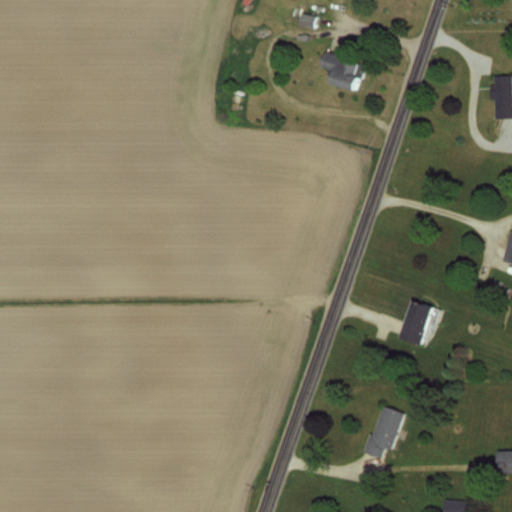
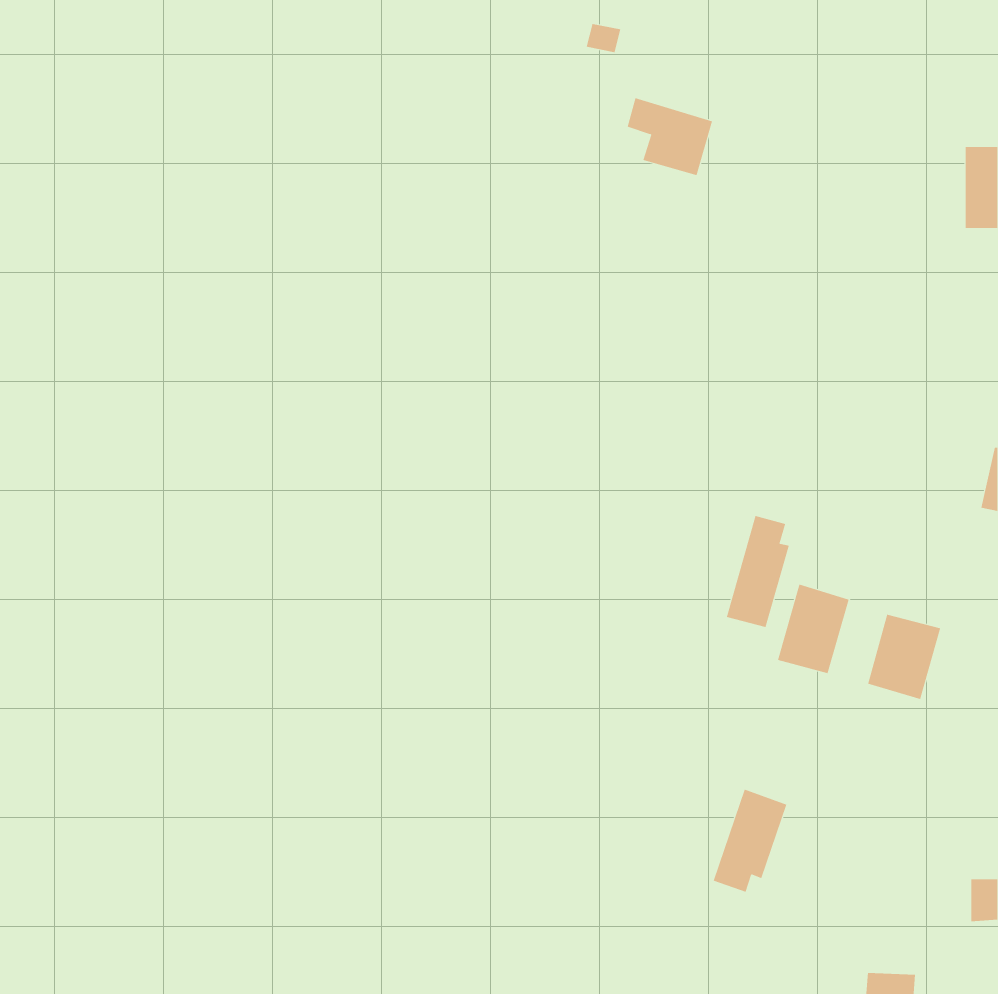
building: none -> [726,515,789,628]
building: none -> [867,614,941,700]

